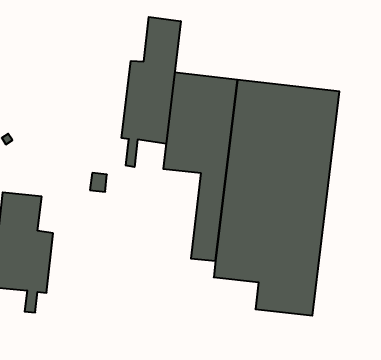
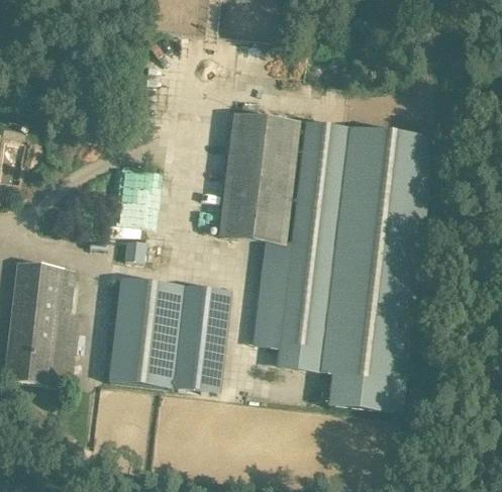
building: [122,17,181,167] -> none
building: none -> [110,277,228,391]

